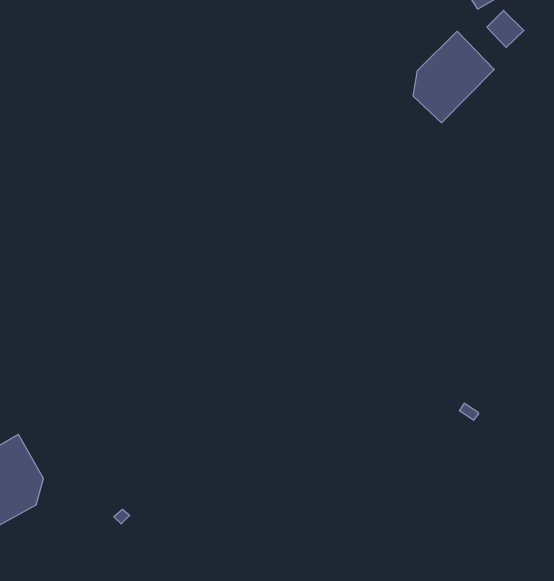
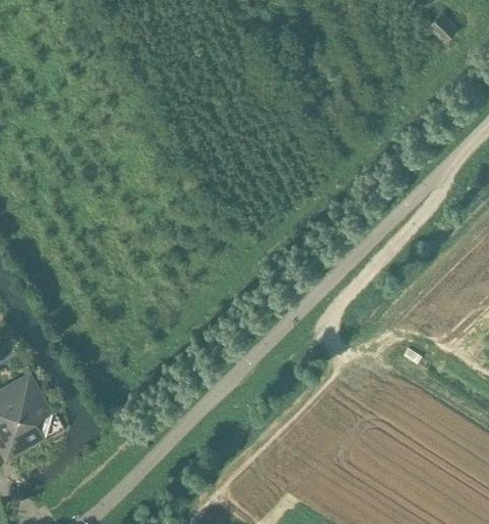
building: [413,31,494,123] -> none

